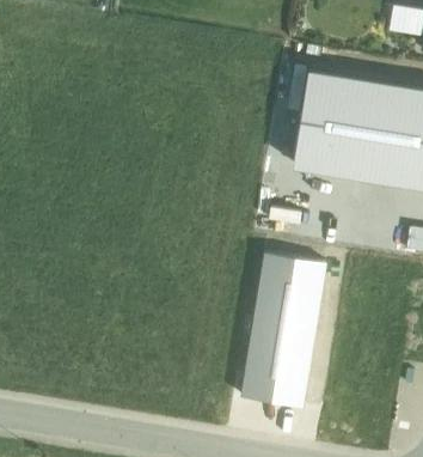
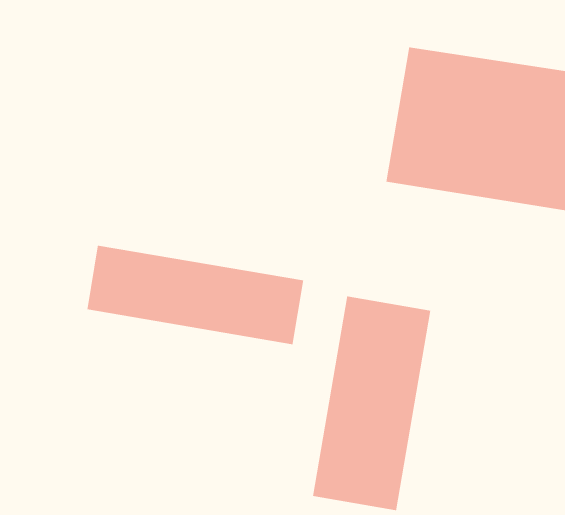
building: none -> [87,245,304,345]

